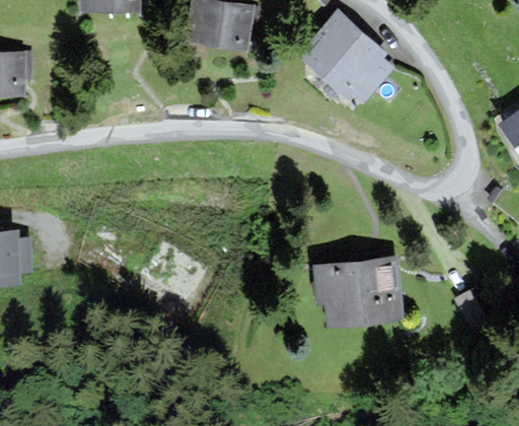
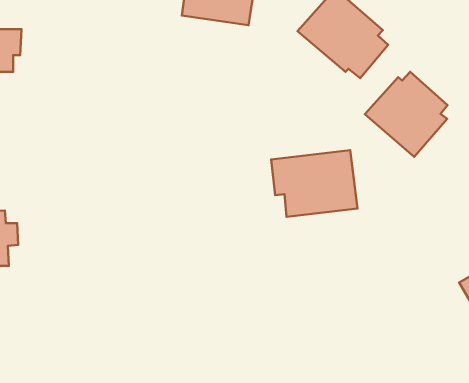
building: none -> [365,72,448,157]
building: [316,259,400,324] -> [271,150,358,217]

